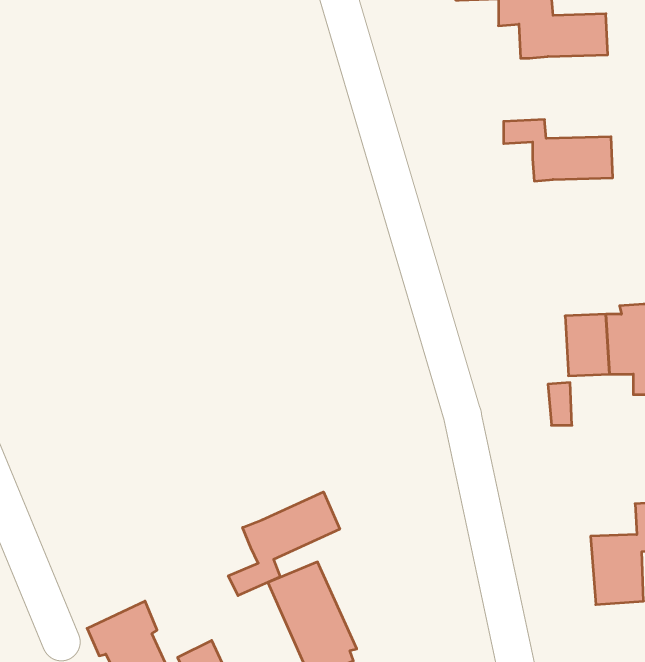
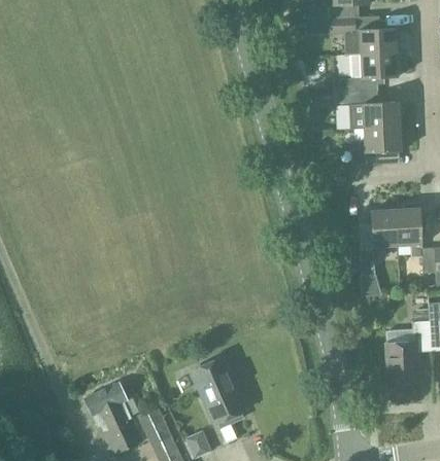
building: none -> [333,51,398,92]
building: none -> [352,126,402,165]
building: [228,492,340,596] -> none

